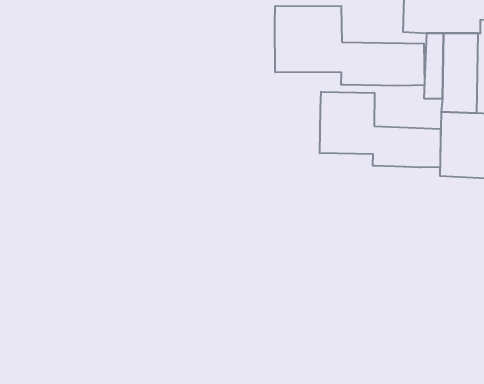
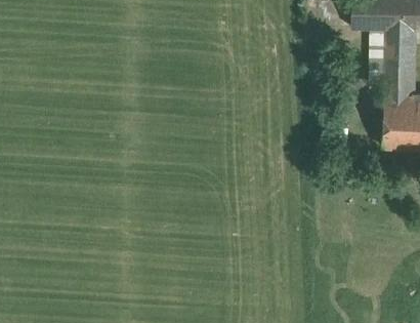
building: [275,6,424,86] -> none
building: [320,92,440,168] -> none

